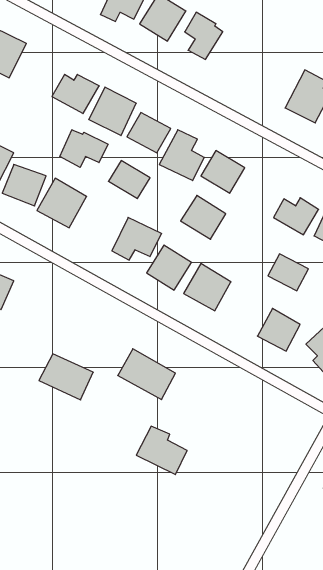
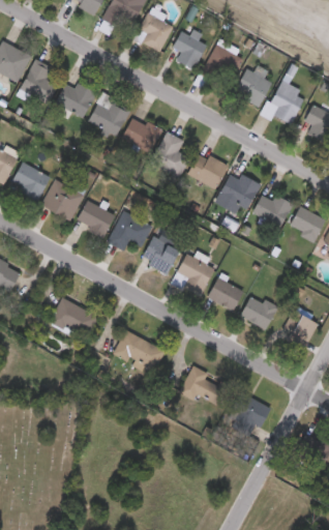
building: none -> [203,45,243,87]
building: none -> [21,59,58,104]
building: none -> [235,66,273,106]
building: [60,130,108,167] -> none
building: [108,161,150,199] -> [78,200,115,234]
building: [181,195,226,239] -> [220,170,261,209]
building: [268,254,308,291] -> [208,277,244,311]
building: [39,354,93,400] -> [50,298,98,340]
building: none -> [230,391,271,430]
building: [136,426,187,475] -> [180,365,226,409]

